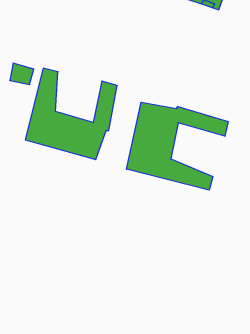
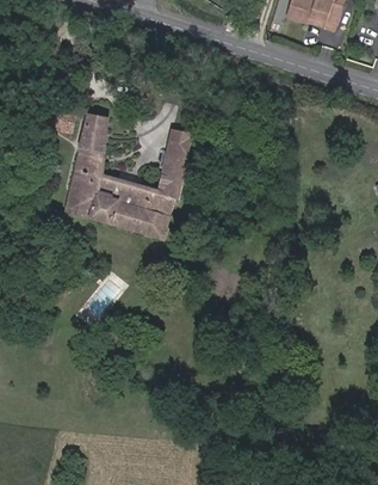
building: [127,102,228,190] -> none

